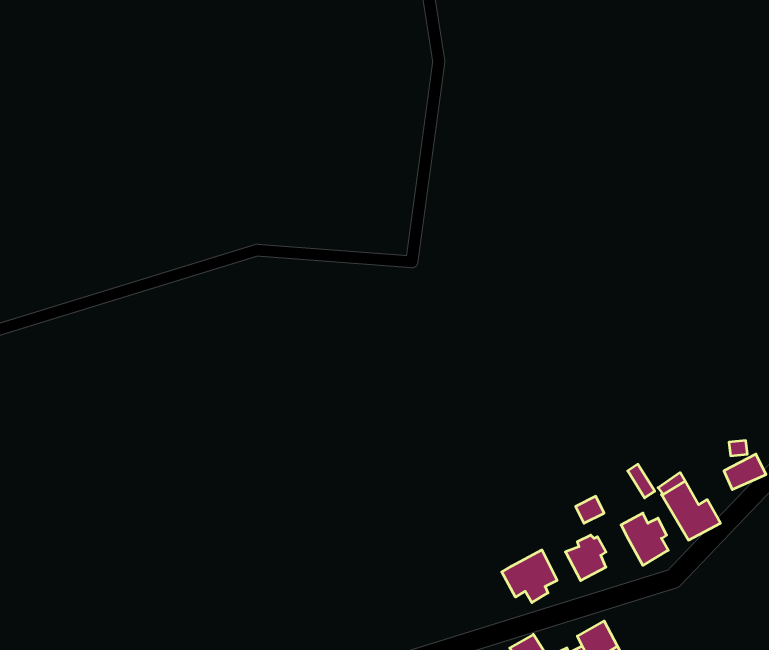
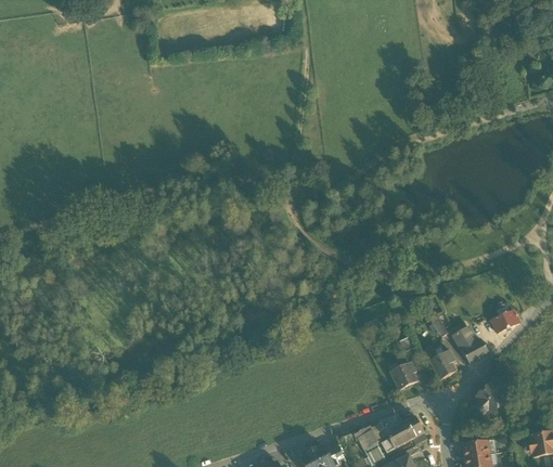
building: [502,550,557,603] -> none
building: none -> [475,384,505,414]

